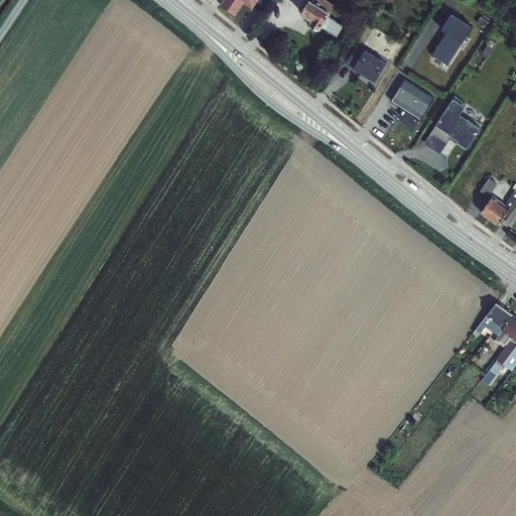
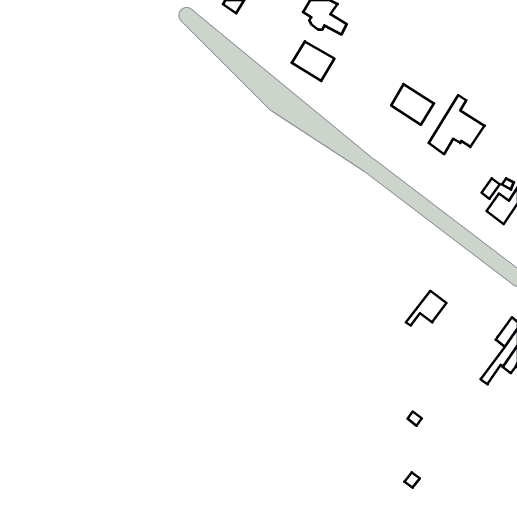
building: [430,17,470,69] -> none
building: [348,41,390,81] -> [292,41,334,81]
building: [470,303,510,338] -> [406,291,446,325]

